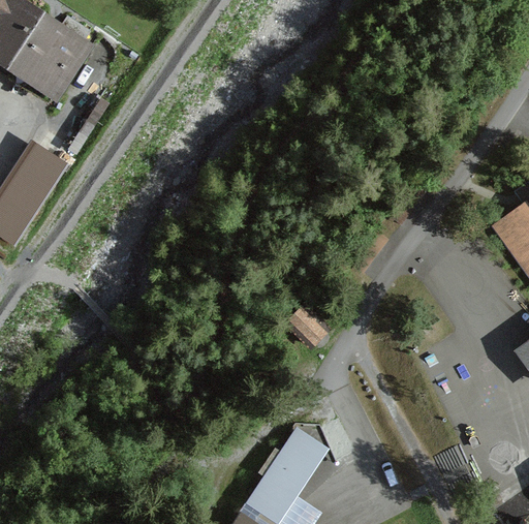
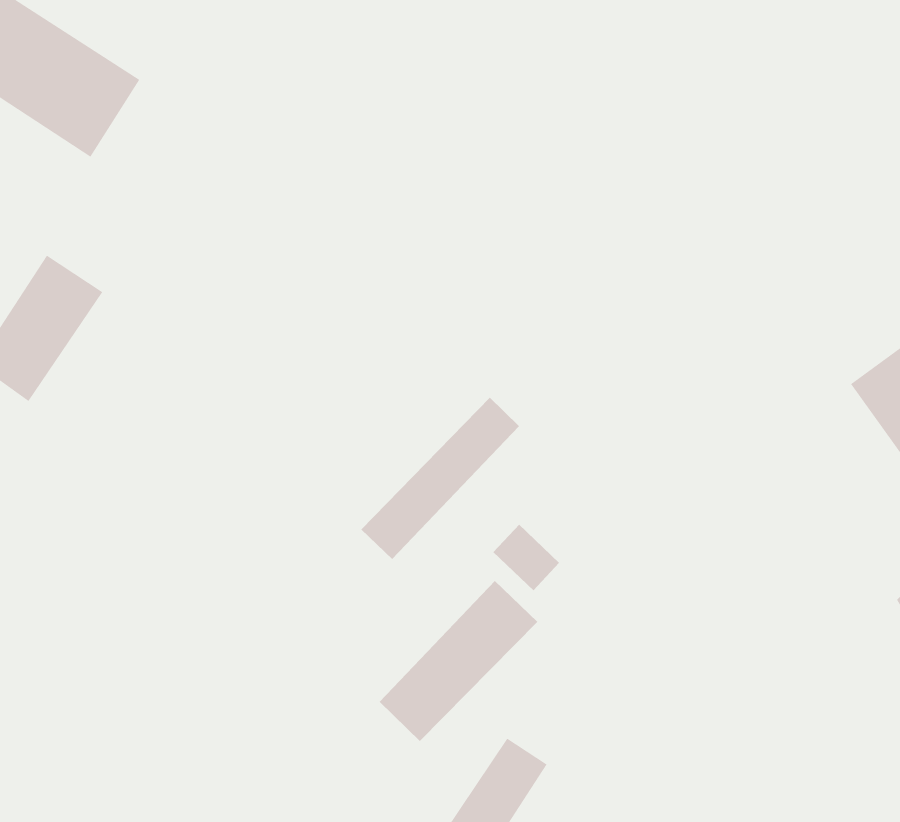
building: none -> [361,397,520,560]
building: none -> [379,580,538,742]

